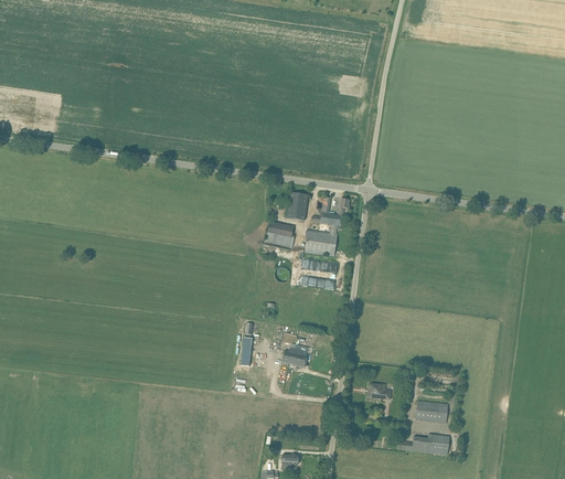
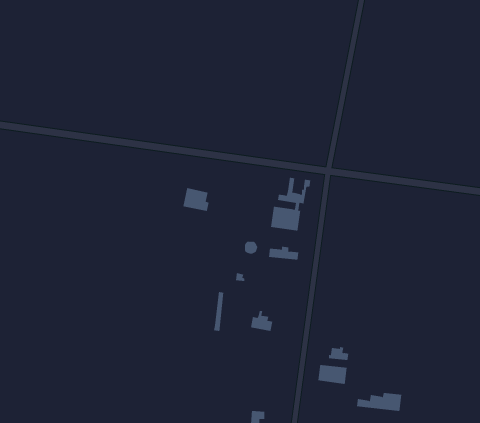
building: [287,192,308,220] -> none
building: [265,221,295,247] -> [183,187,210,211]
building: [415,401,448,423] -> [317,365,347,385]

